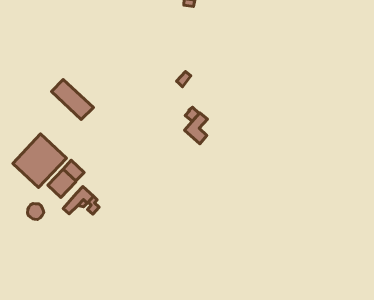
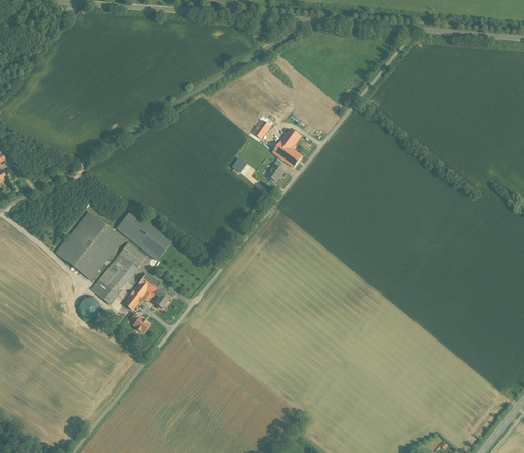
building: [52,79,94,119] -> [116,211,170,259]
building: [184,113,207,144] -> [272,128,301,167]
building: none -> [91,275,119,303]

